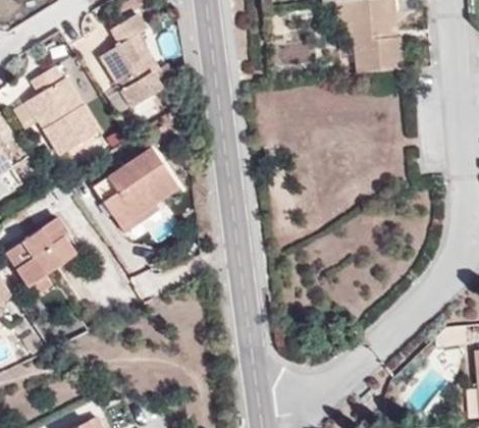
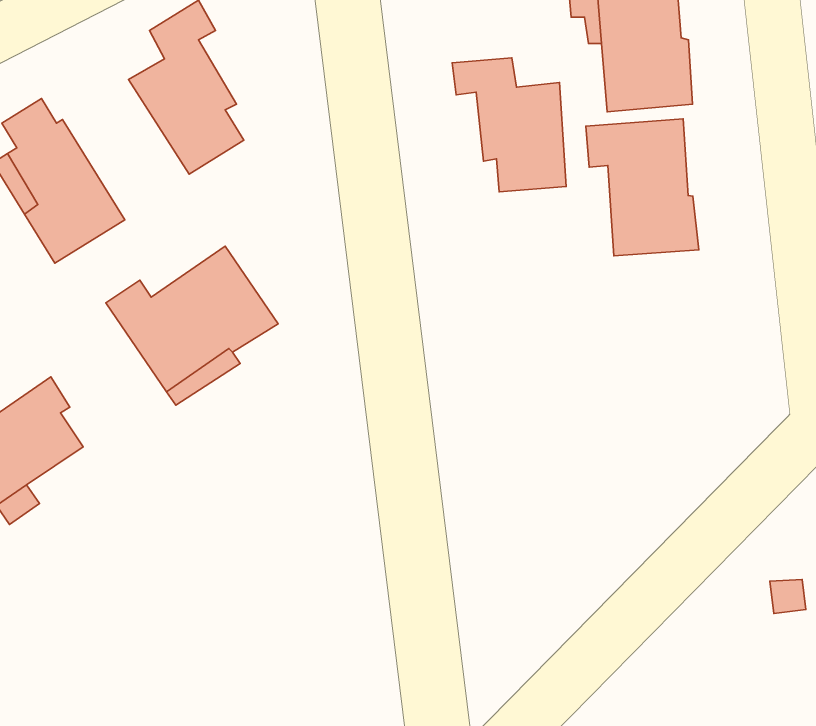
building: none -> [452,58,566,192]
building: none -> [586,119,699,256]

